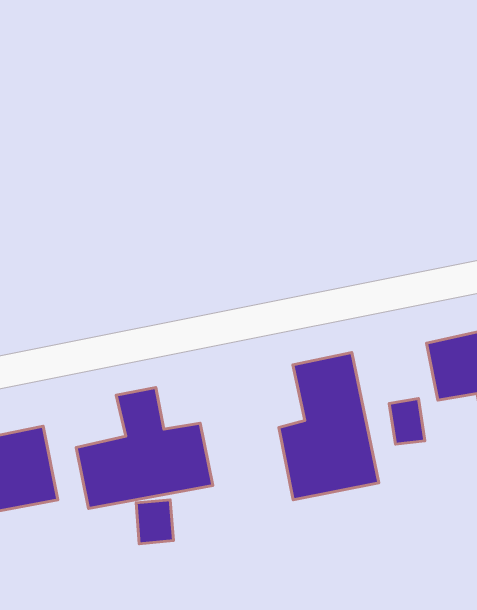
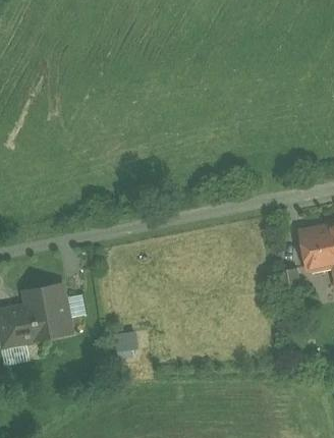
building: [279,353,379,500] -> none
building: [76,387,213,508] -> none

